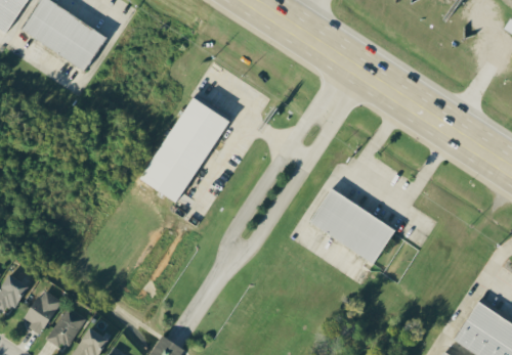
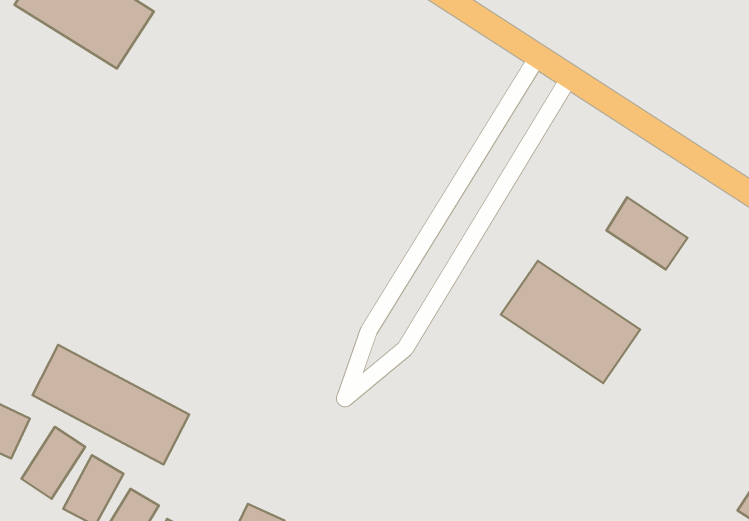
building: [145,96,238,202] -> none
building: none -> [607,197,687,270]
building: none -> [32,345,189,465]

